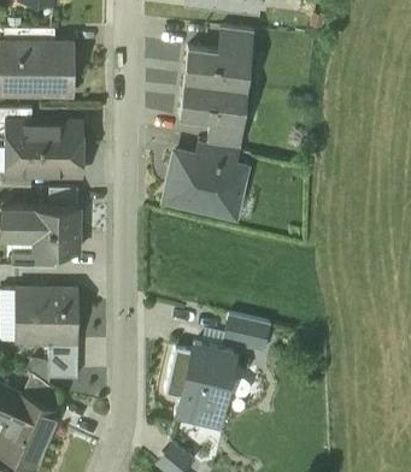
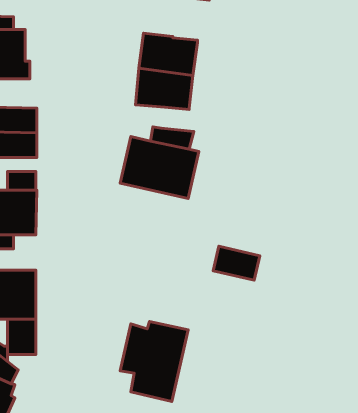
building: [219,28,254,57] -> none
building: [207,122,243,147] -> none
building: [223,314,271,349] -> [213,246,260,280]

